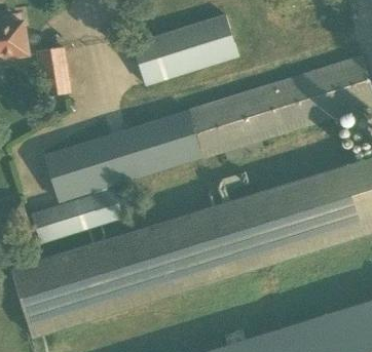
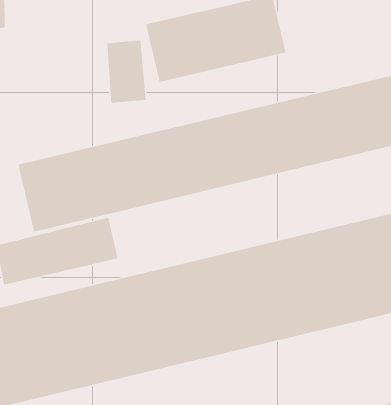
building: [38,47,71,96] -> [106,40,147,104]

